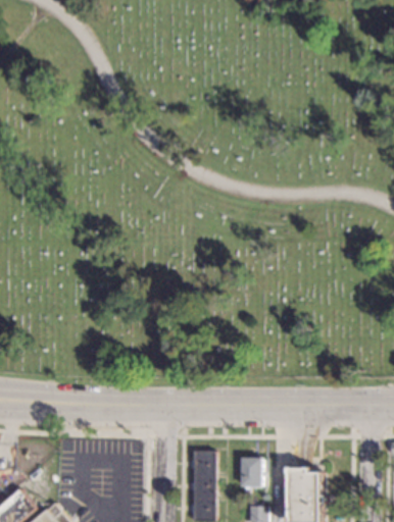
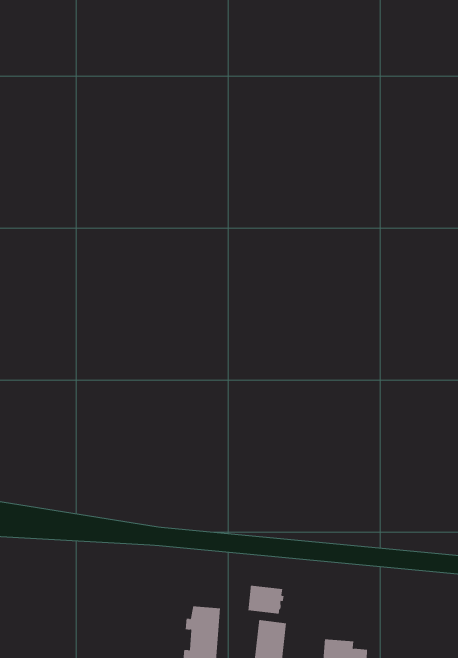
building: none -> [248,585,284,614]

